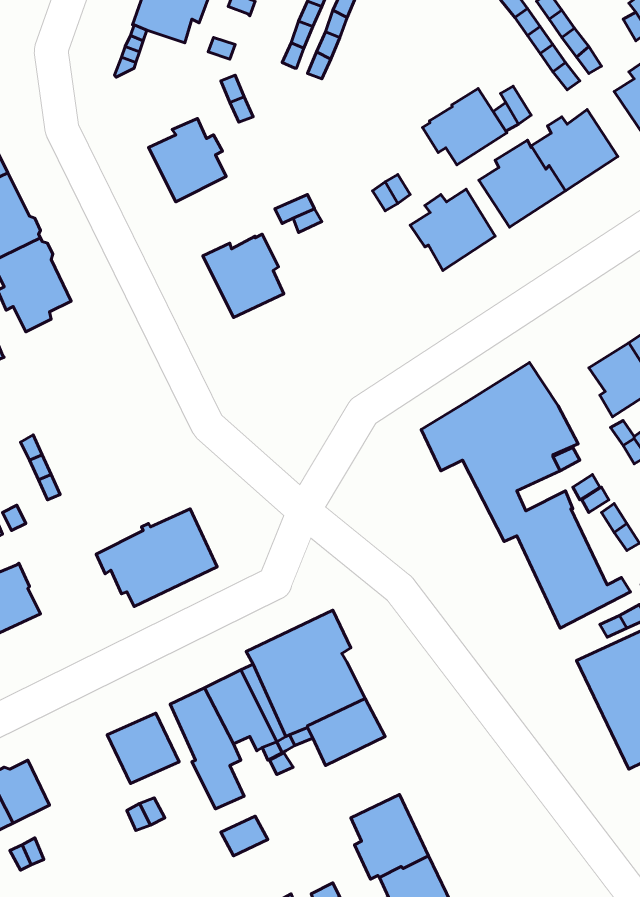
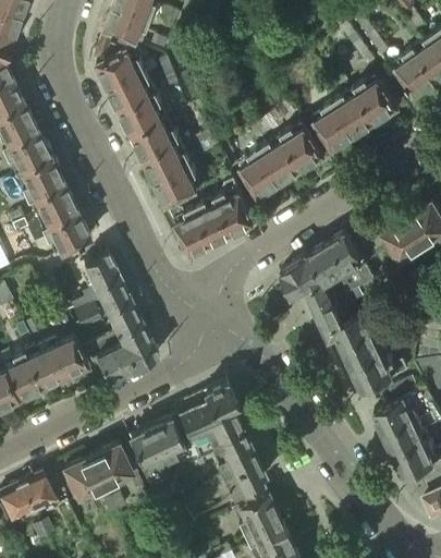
building: none -> [98,51,149,104]
building: [422,88,507,165] -> none
building: none -> [133,121,181,169]
building: none -> [242,146,294,199]
building: none -> [171,181,255,254]
building: none -> [42,196,90,254]
building: none -> [68,252,142,349]
building: none -> [38,337,88,385]
building: none -> [62,458,106,502]
building: none -> [223,459,268,498]

